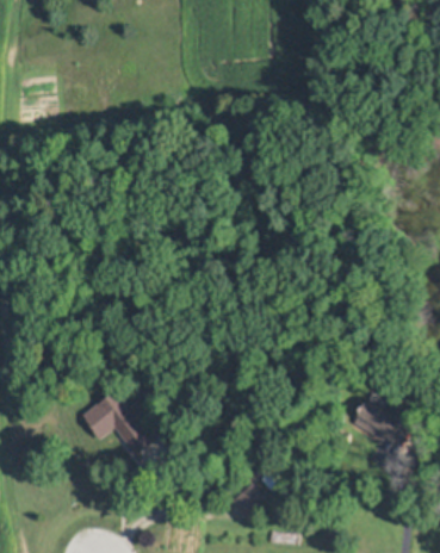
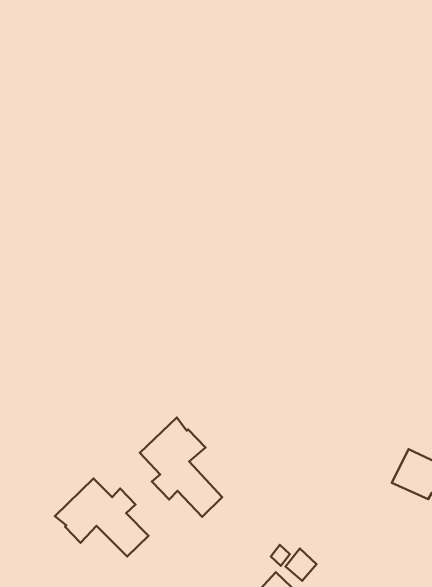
building: none -> [140,417,222,517]

